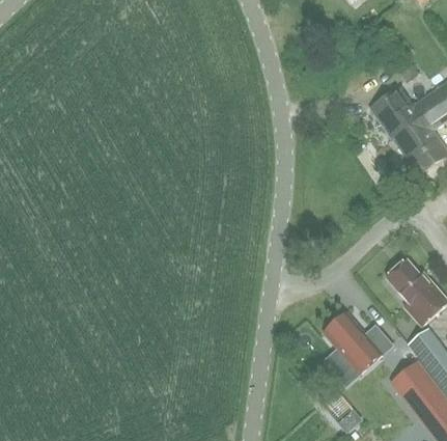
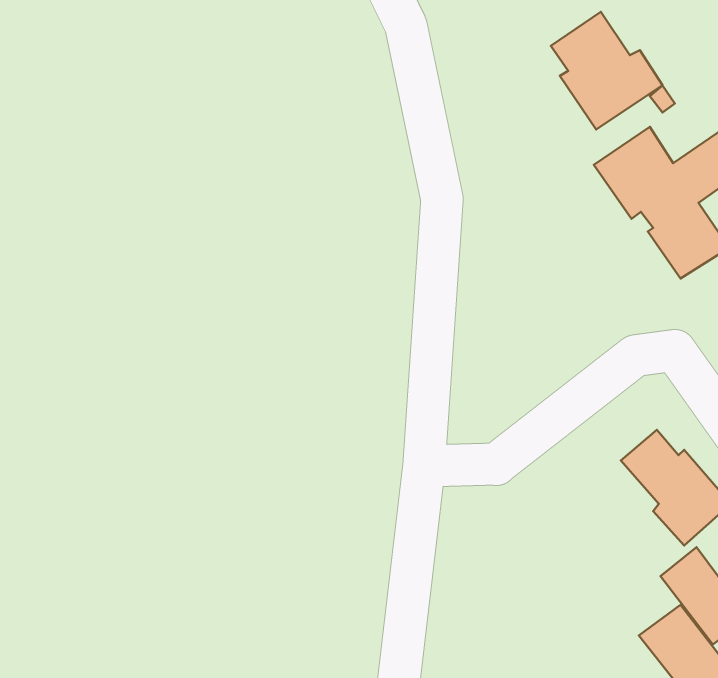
building: none -> [551,12,663,130]
building: [324,312,390,382] -> none

